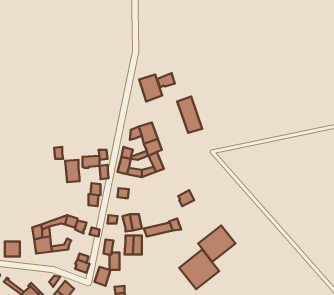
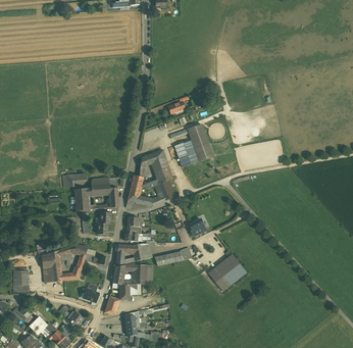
building: [139,74,162,102] -> [174,140,198,167]
building: [179,250,219,289] -> none

